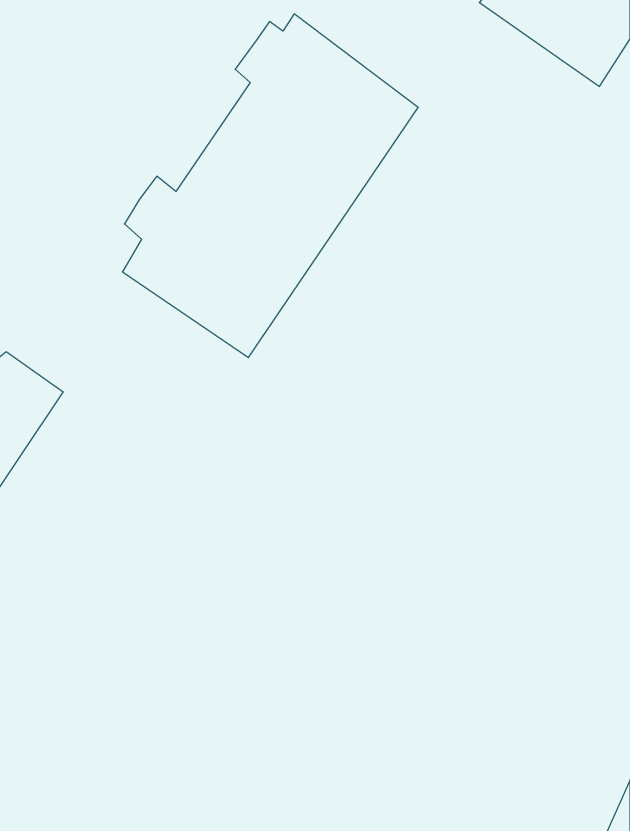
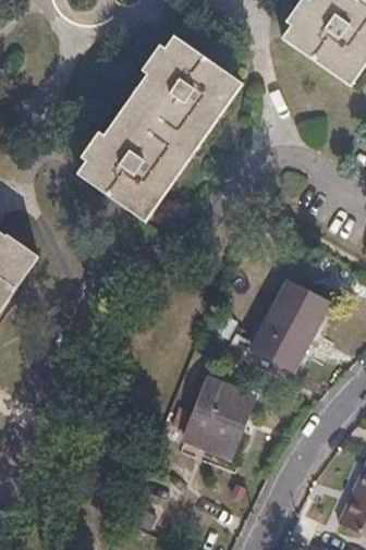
building: none -> [249,290,326,379]
building: none -> [182,386,249,461]

